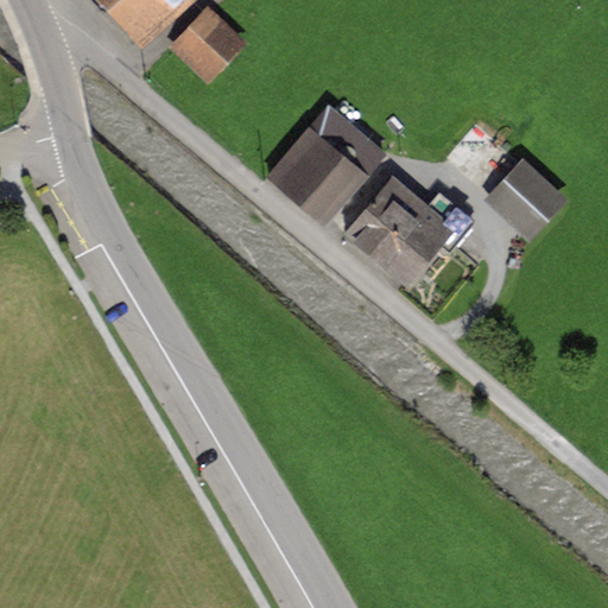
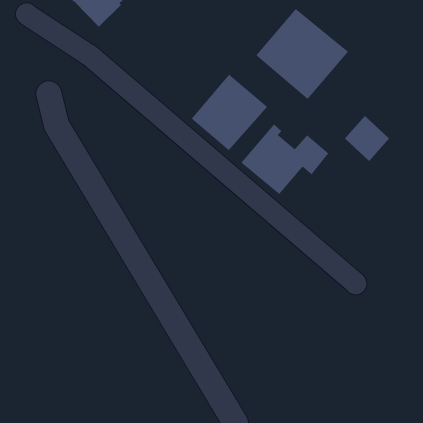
building: none -> [256,8,349,100]
building: [176,12,239,82] -> none

